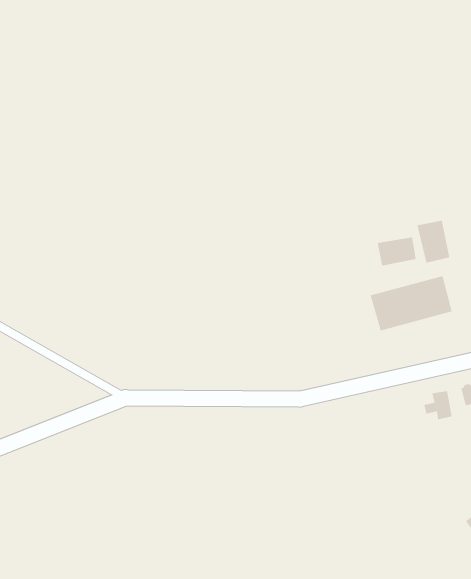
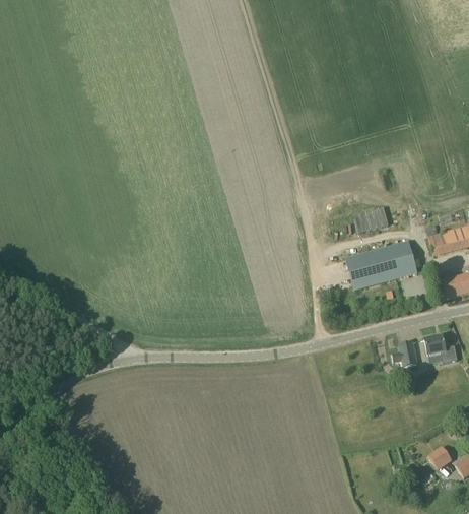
building: [417,220,450,263] -> none

